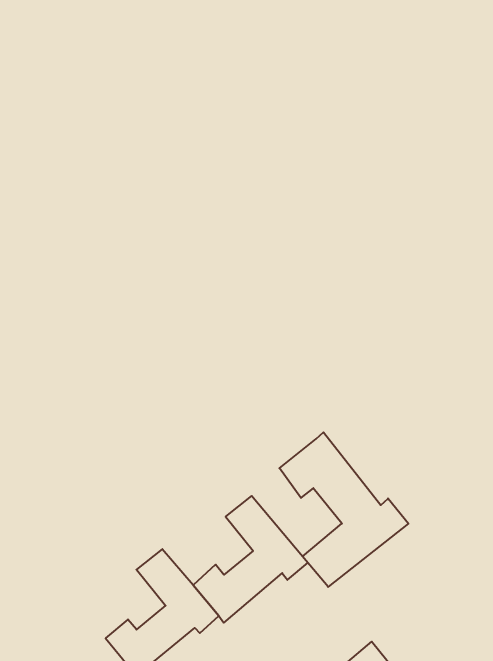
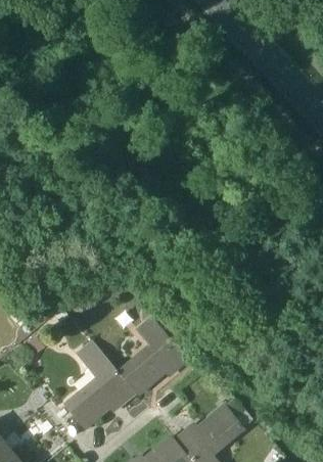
building: [279,432,408,587] -> none

